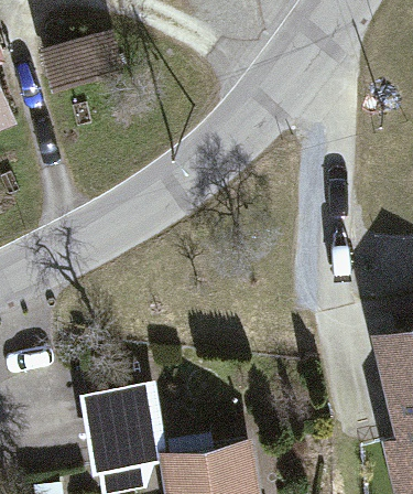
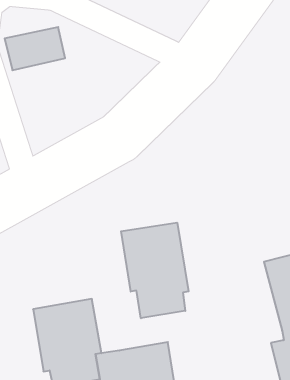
building: none -> [121,223,189,318]

